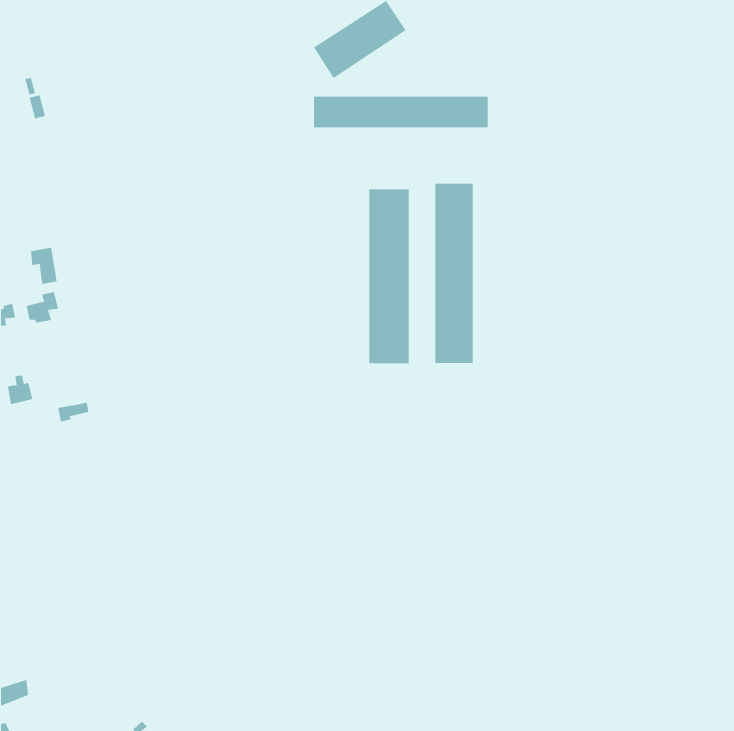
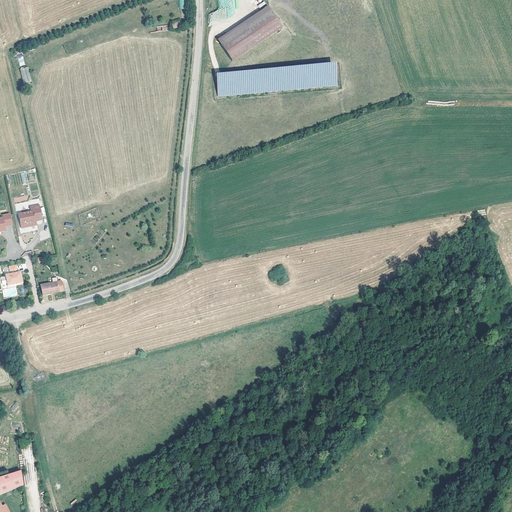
building: [435,183,473,364] -> none
building: [369,189,409,364] -> none

